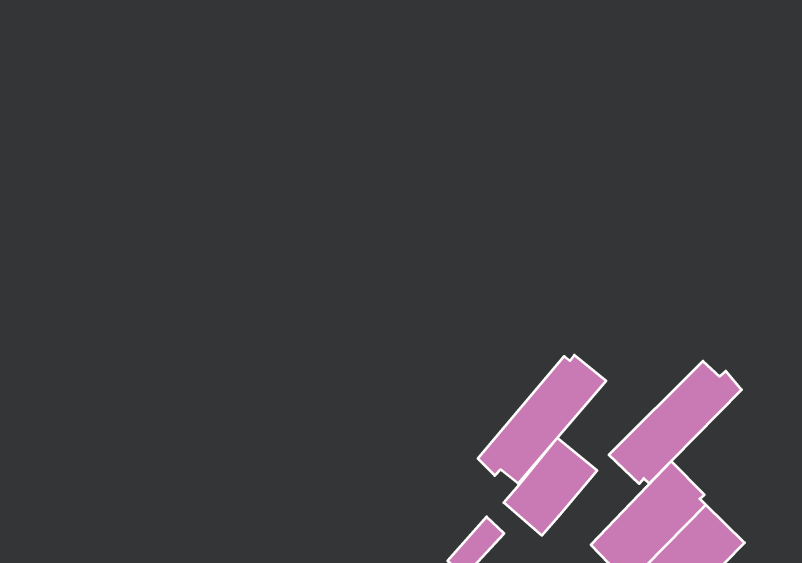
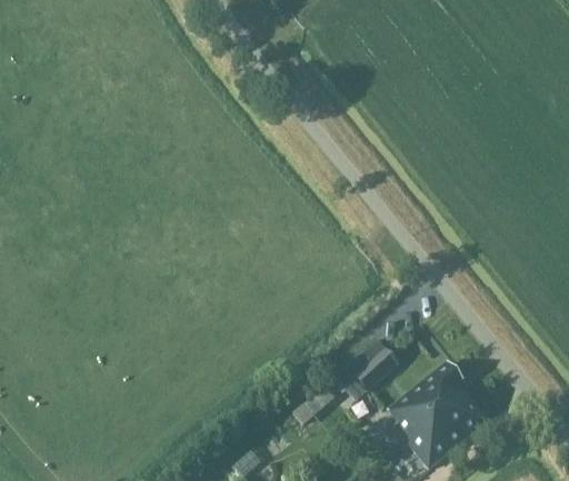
building: [478,355,606,483] -> none
building: [609,361,742,484] -> none

